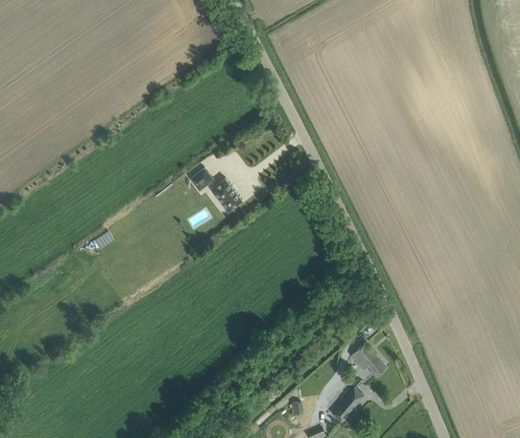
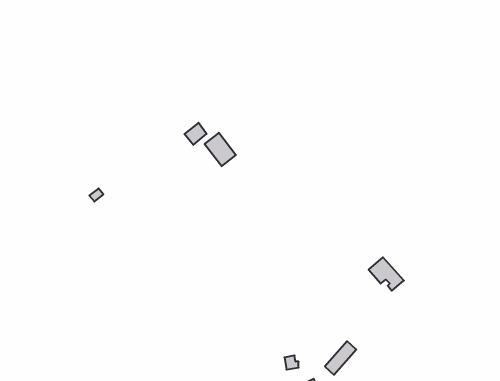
building: [351,343,387,377] -> [369,257,404,291]

